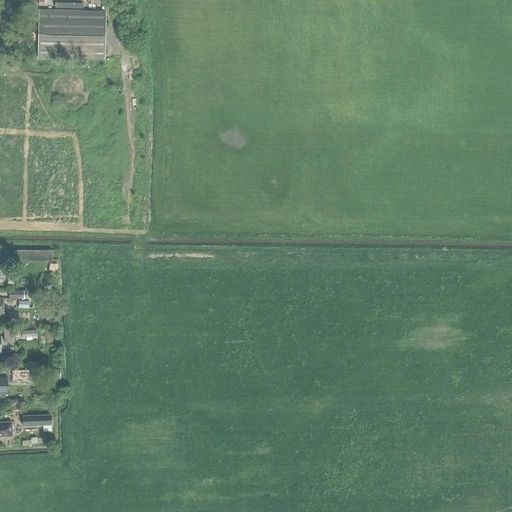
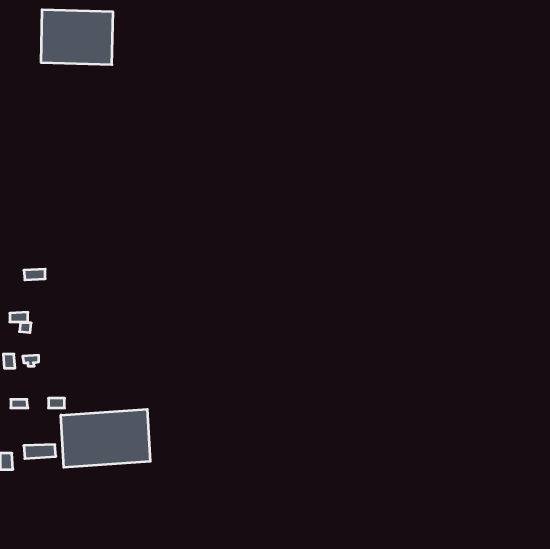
building: none -> [61,409,150,467]

